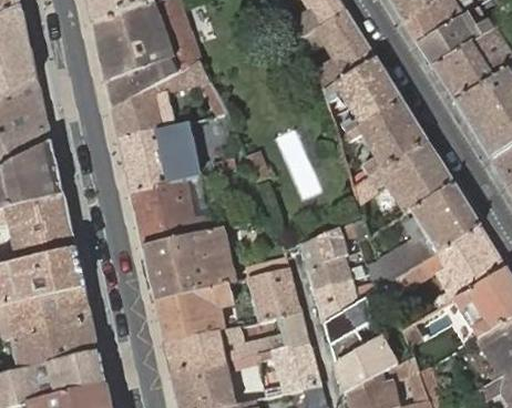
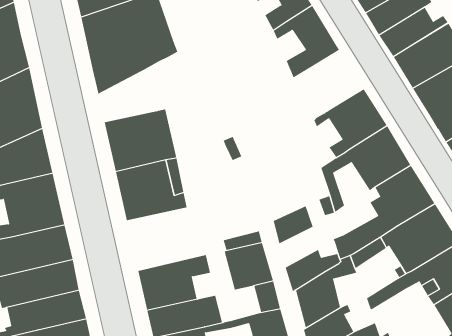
building: [325,59,402,133] -> none
building: [112,61,228,137] -> none
building: [143,227,236,299] -> none
building: [309,252,352,296] -> none

